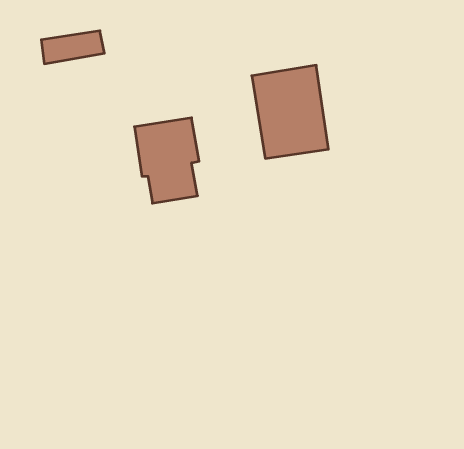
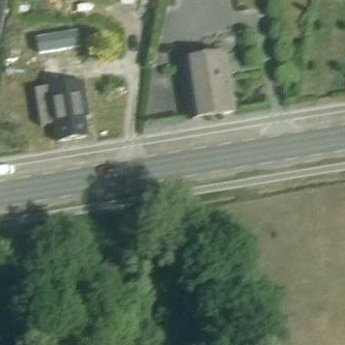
building: [134,118,199,203] -> [44,78,88,137]

